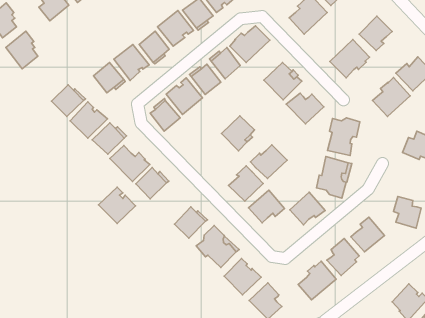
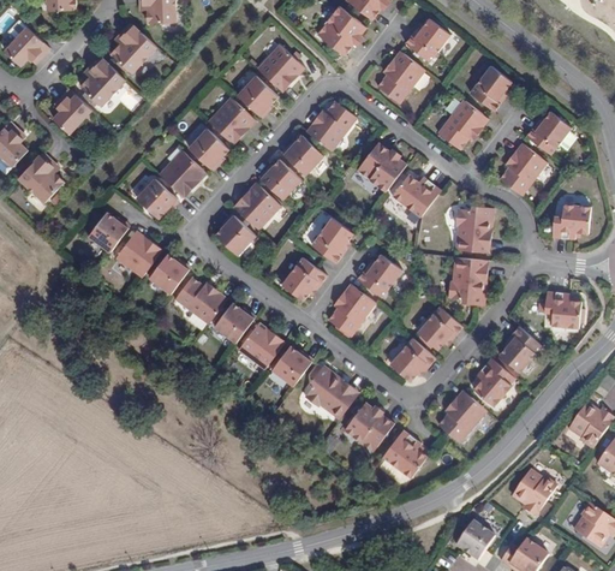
building: none -> [282,257,328,301]
building: [99,187,136,224] -> [234,323,282,370]
building: [249,190,285,223] -> [390,338,437,381]

